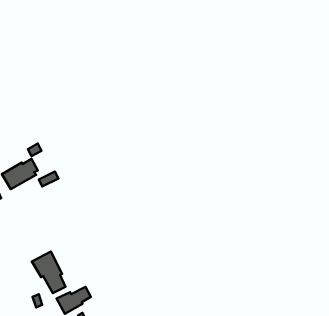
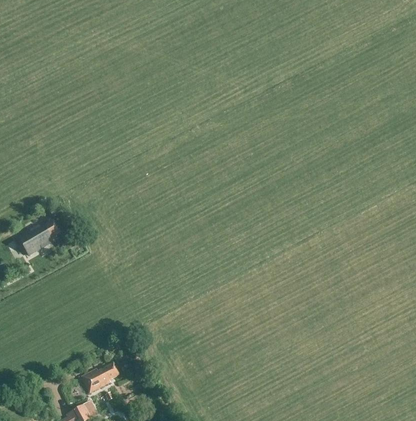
building: [32,251,65,293] -> none

